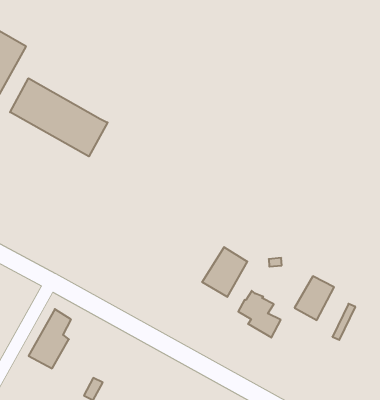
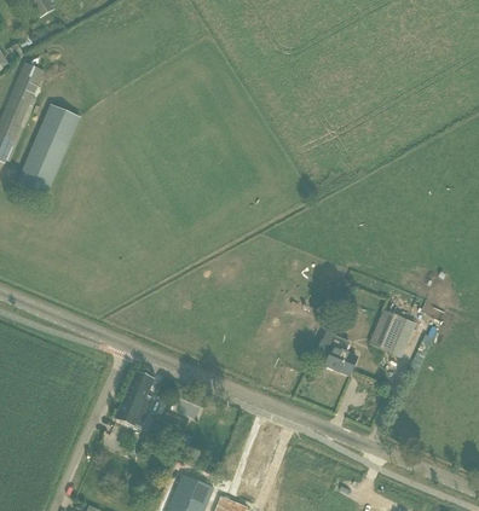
building: [10,78,108,156] -> none
building: [202,247,247,297] -> none

